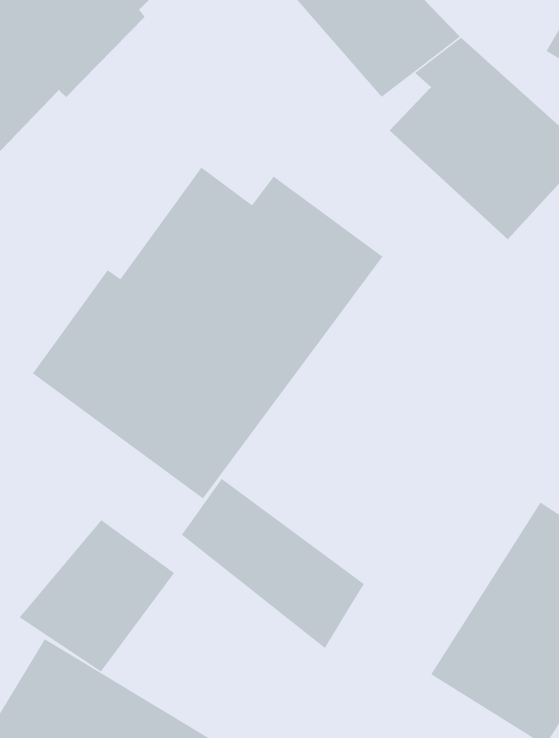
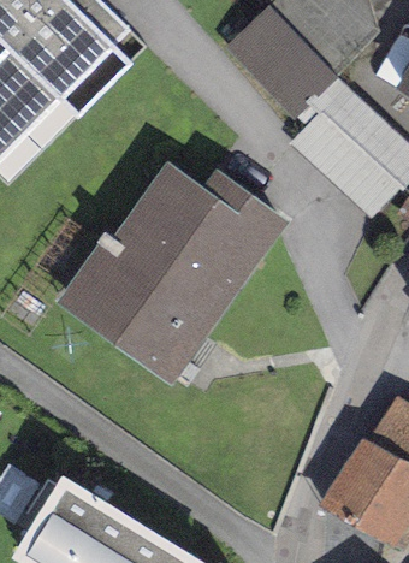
building: [181,478,365,649] -> none
building: [19,519,175,672] -> none

